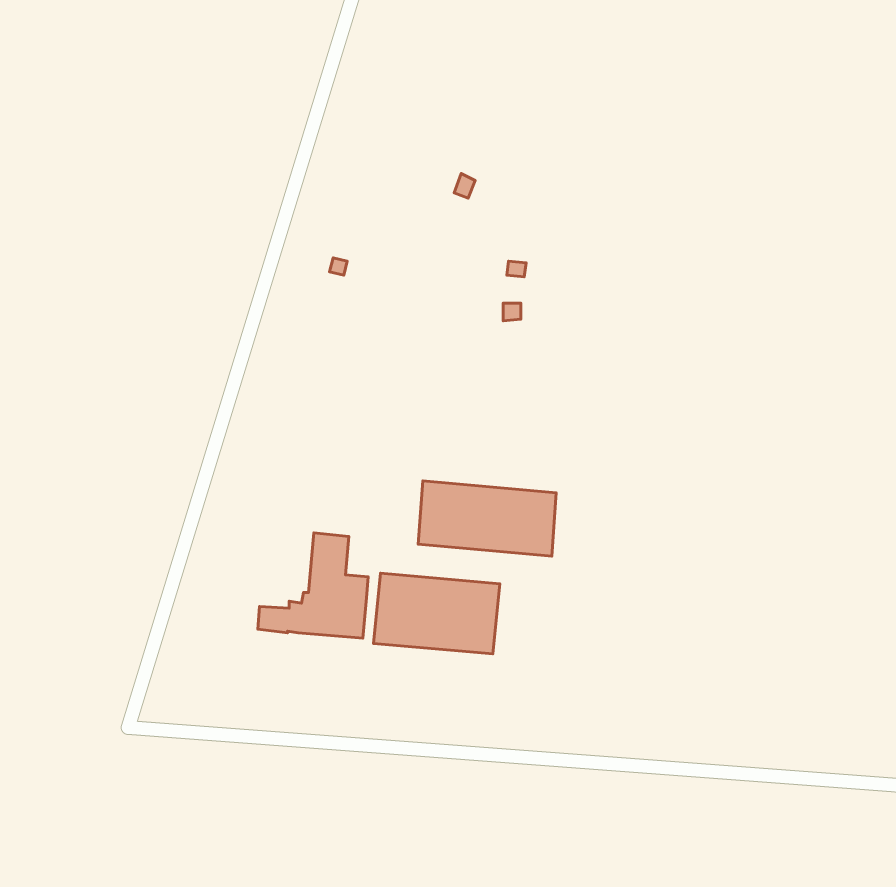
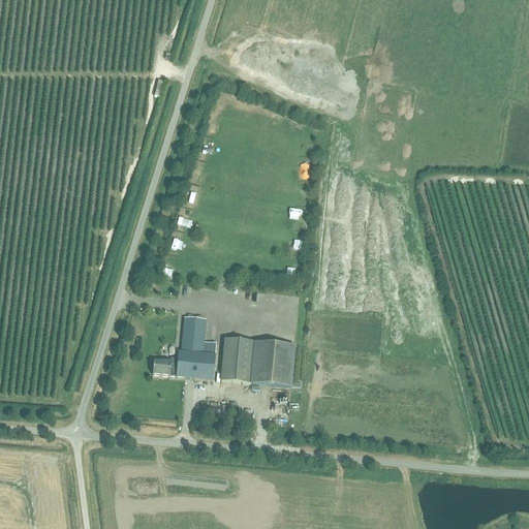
building: [418,481,556,556] -> none

